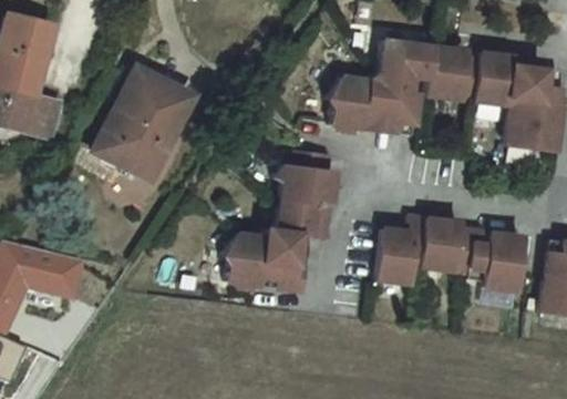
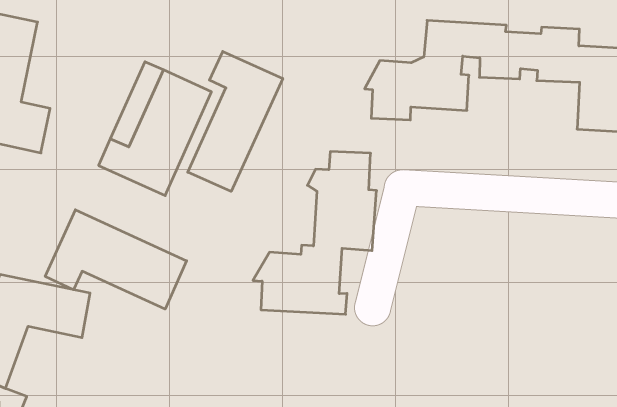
building: none -> [188,51,283,191]
building: none -> [45,210,187,309]
building: [377,215,524,293] -> none

